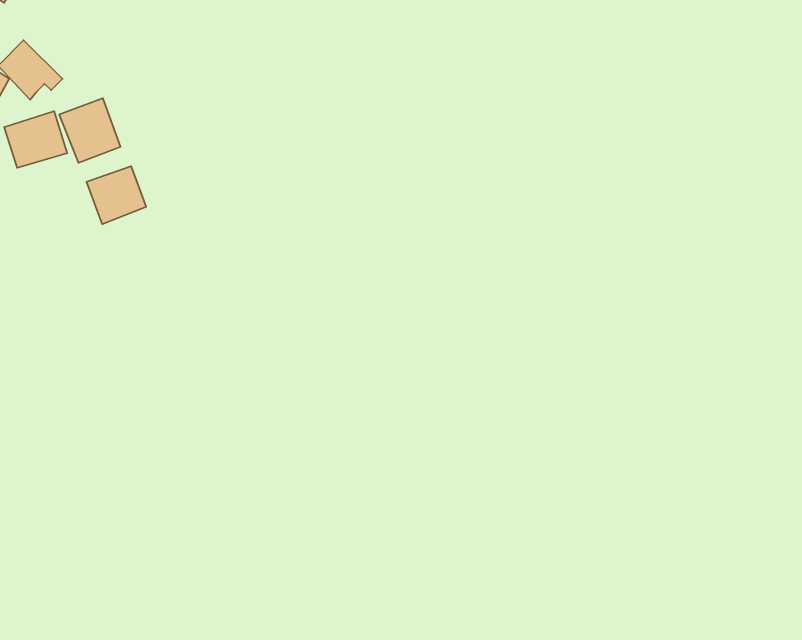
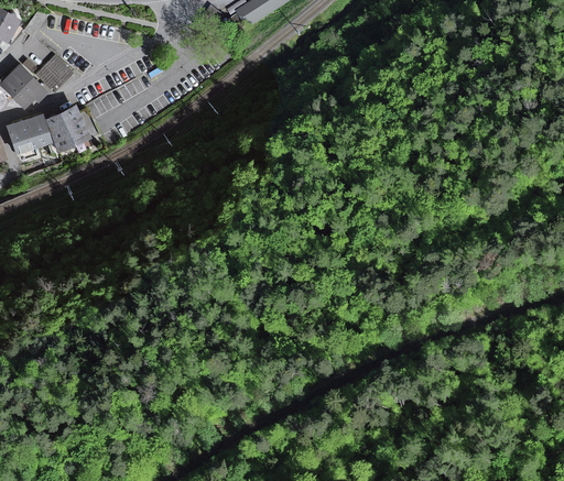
building: none -> [39,57,72,91]
building: [87,166,146,224] -> none

